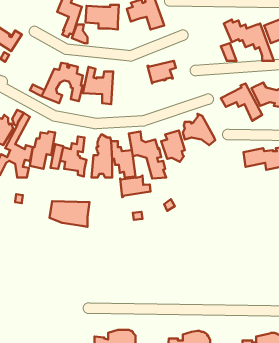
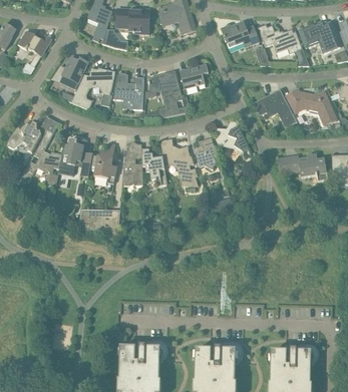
building: none -> [222,24,259,46]
building: none -> [55,57,88,88]
building: none -> [148,72,187,116]
building: [120,175,150,197] -> none

